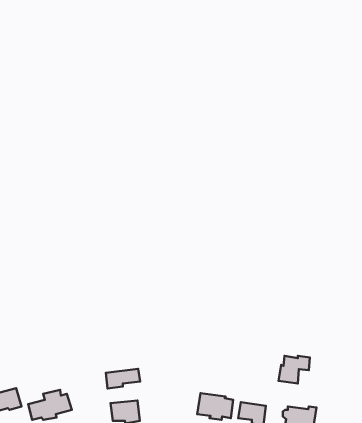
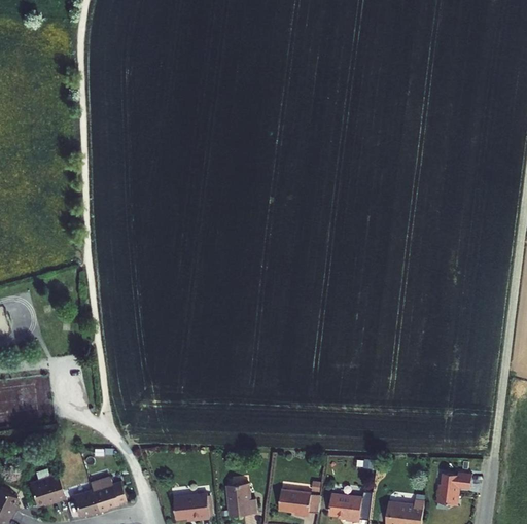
building: [279,356,310,383] -> [432,473,470,506]
building: [106,369,140,388] -> none
building: none -> [225,483,256,515]

